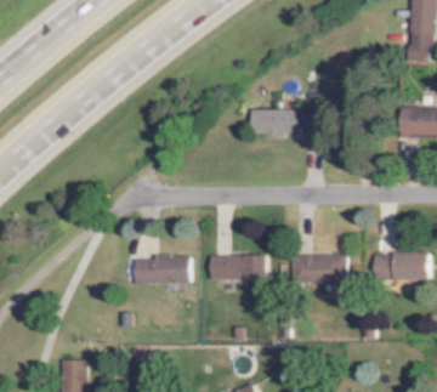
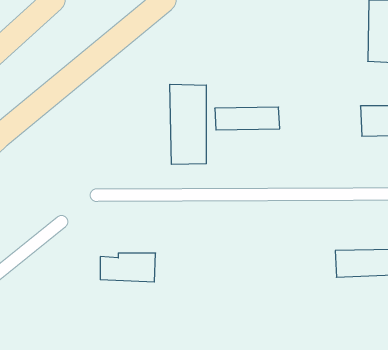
building: none -> [170,84,206,164]
building: [211,254,269,278] -> none
building: [294,255,347,282] -> none

